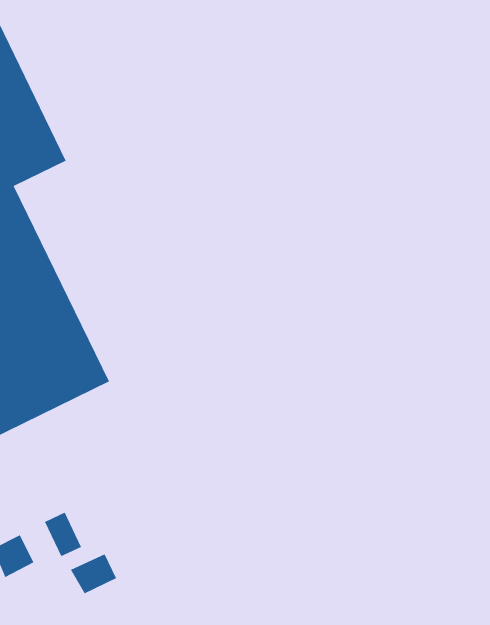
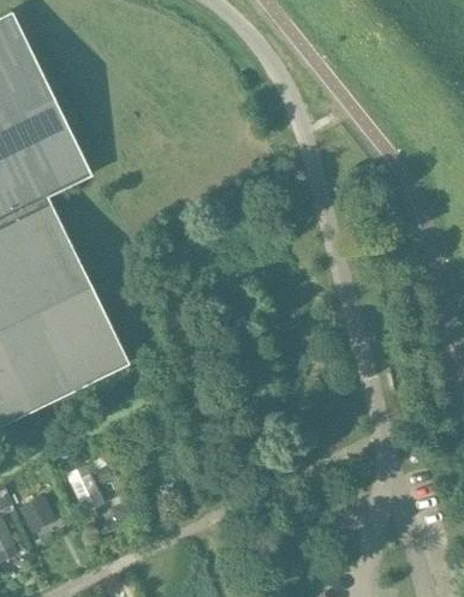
building: [70,553,117,594] -> none

